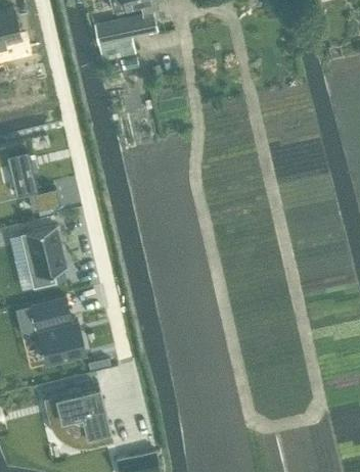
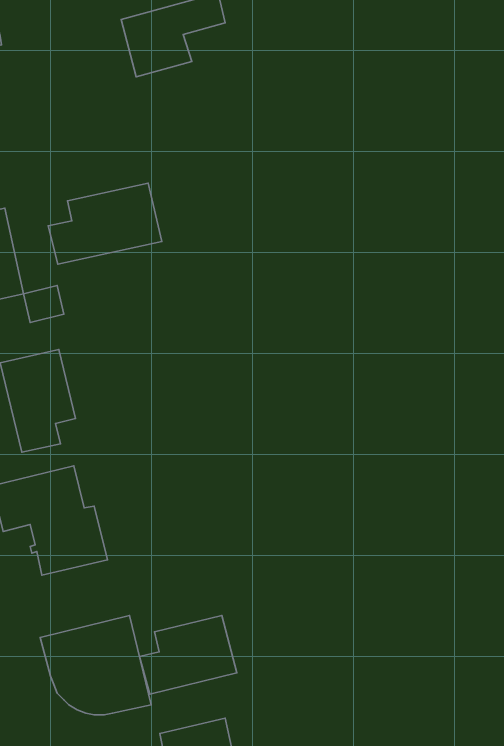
building: none -> [48,183,162,264]
building: none -> [139,615,237,694]

